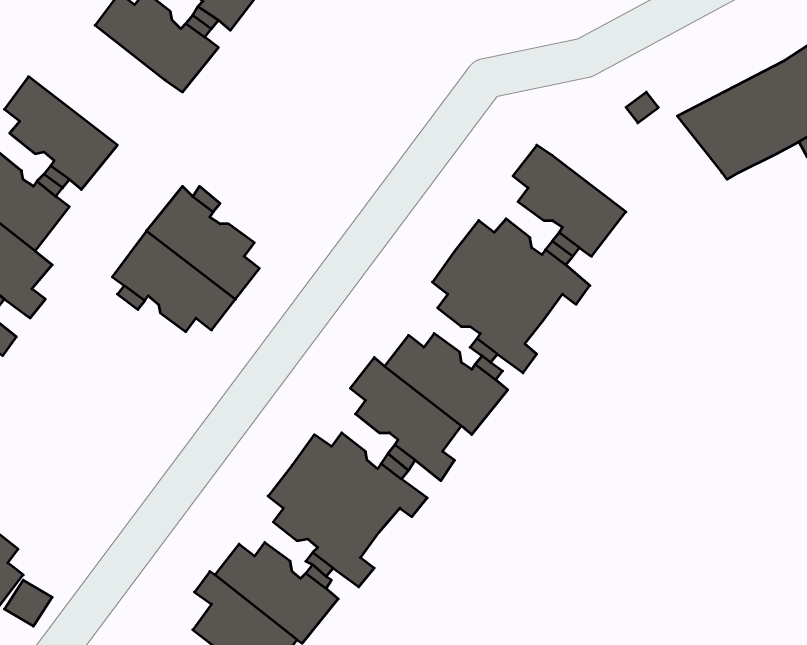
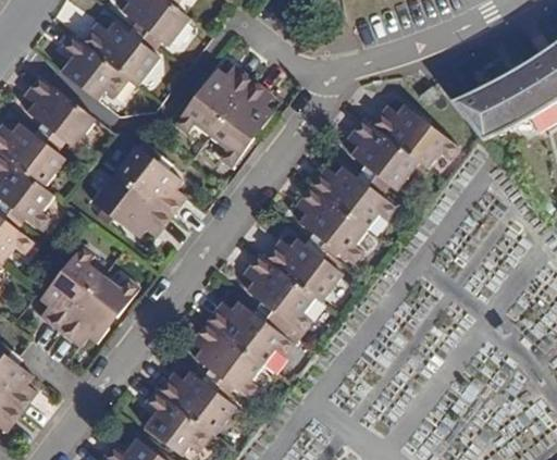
building: none -> [60,34,126,100]
building: none -> [176,65,274,166]
building: none -> [372,104,458,169]
building: none -> [40,245,139,346]

